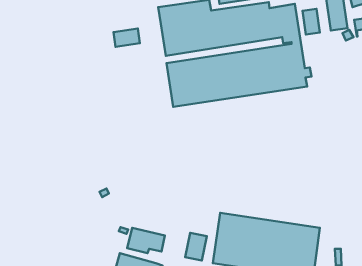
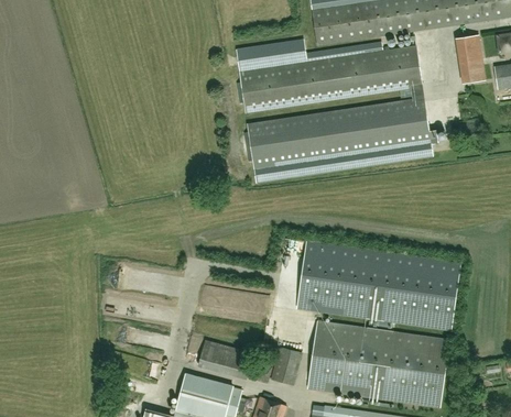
building: [302,9,320,35] -> none
building: [113,29,140,47] -> none
building: none -> [296,241,459,329]

